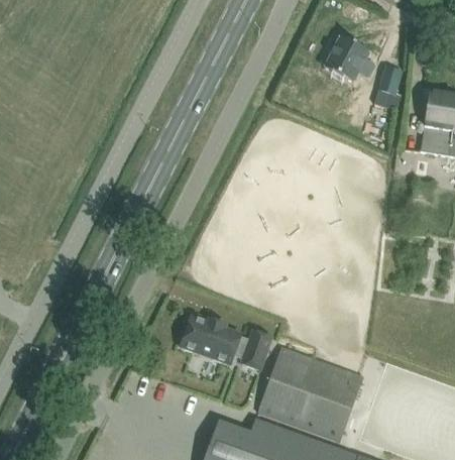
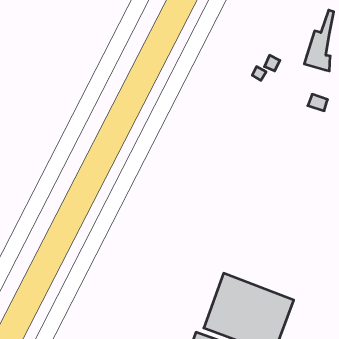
building: [324,36,374,83] -> none
building: [181,316,271,369] -> none

